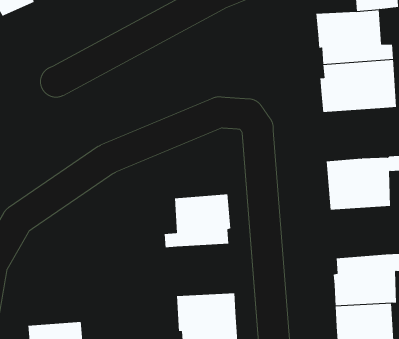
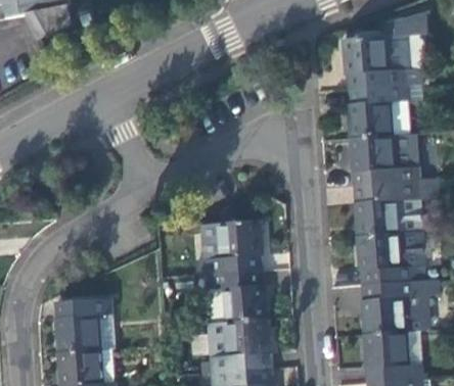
building: none -> [352,133,417,186]
building: none -> [359,231,423,283]
building: none -> [202,269,264,321]
building: none -> [53,296,109,350]

